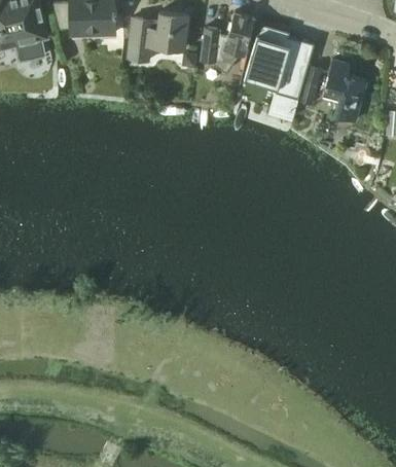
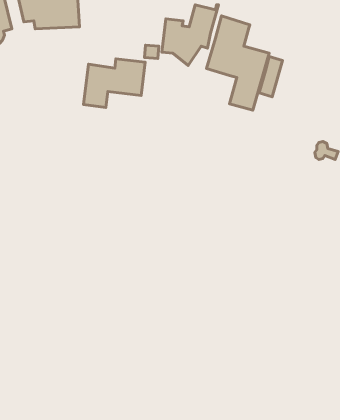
building: [127,11,189,61] -> [83,59,145,108]
building: [323,59,367,121] -> none

